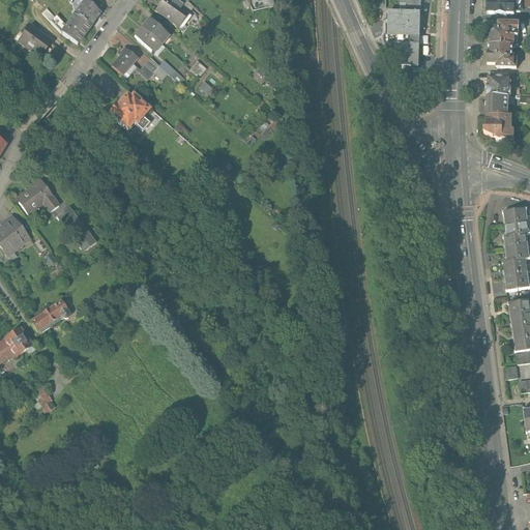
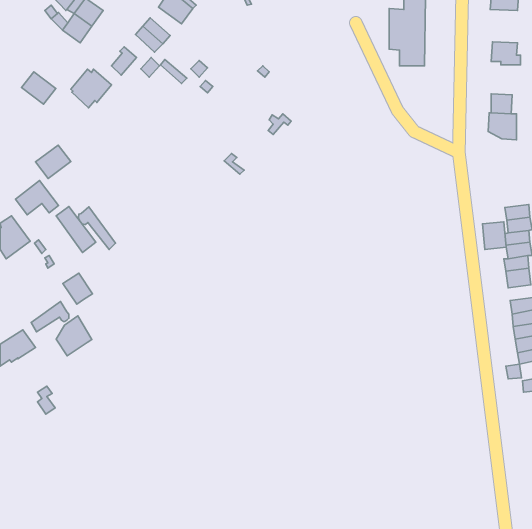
building: [490,20,519,42] -> none
building: [18,24,52,56] -> [21,72,56,104]
building: [489,75,511,94] -> none
building: [110,92,150,130] -> [71,69,111,108]
building: none -> [36,145,71,178]
building: none -> [78,207,116,250]
building: none -> [482,222,506,249]
building: none -> [63,273,93,304]
building: none -> [56,316,92,356]

